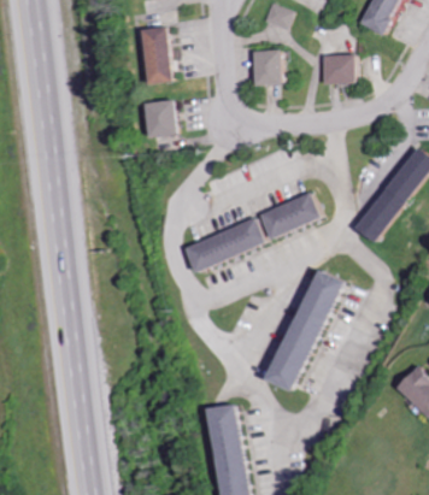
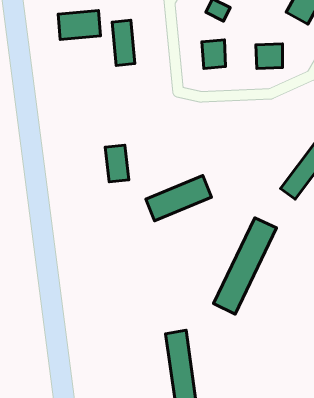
building: none -> [58,10,101,40]
building: [149,101,178,146] -> [105,145,129,182]
building: [260,195,322,243] -> none

